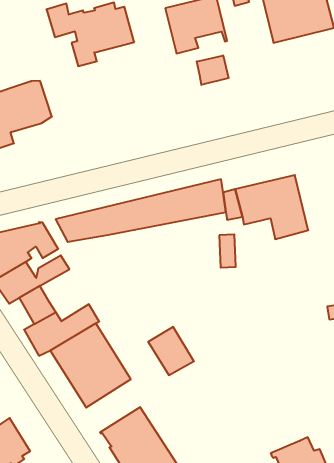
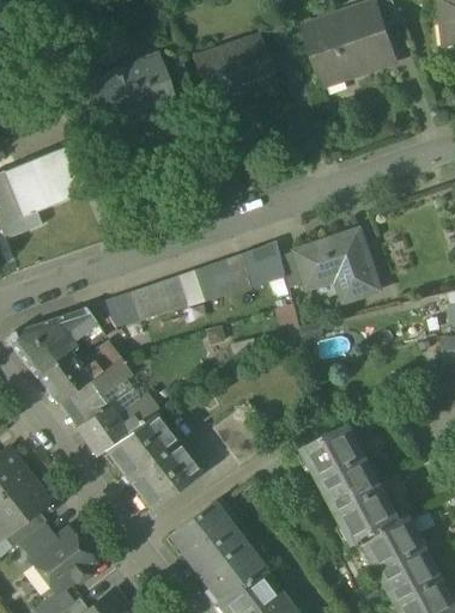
building: [197,55,229,85] -> none
building: none -> [89,356,131,394]
building: none -> [305,424,393,545]

